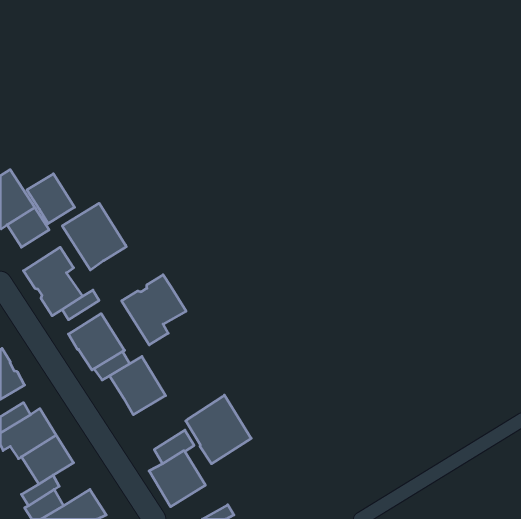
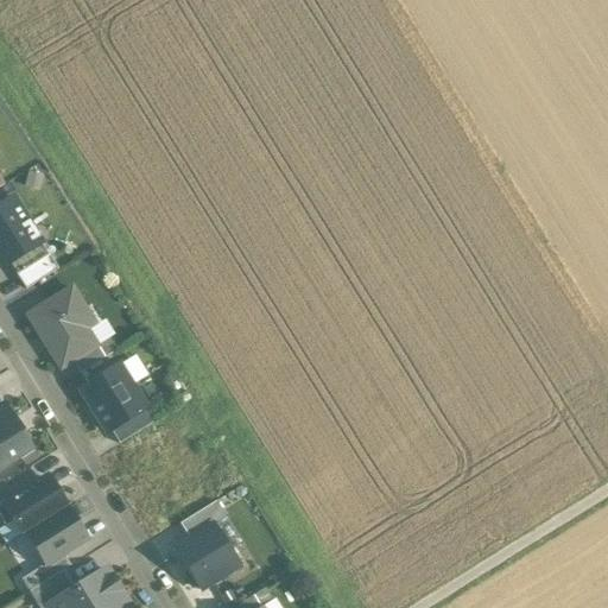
building: [27,174,75,224] -> none
building: [62,203,126,270] -> none
building: [122,275,186,345] -> none
building: [110,356,166,415] -> none
building: [186,395,251,464] -> none

